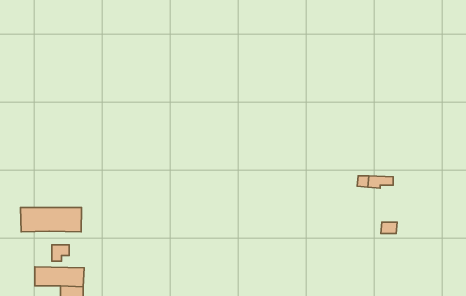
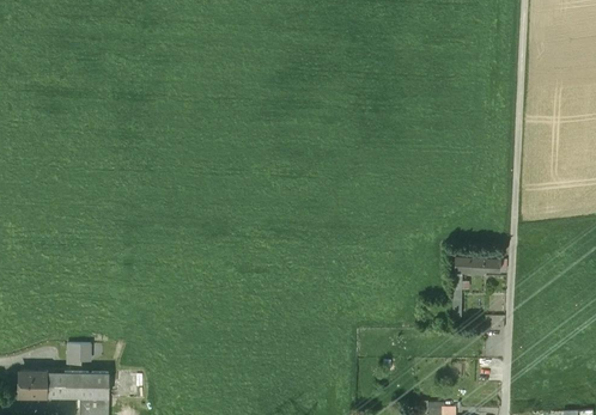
building: [20,208,81,232] -> none
building: none -> [14,371,48,396]

